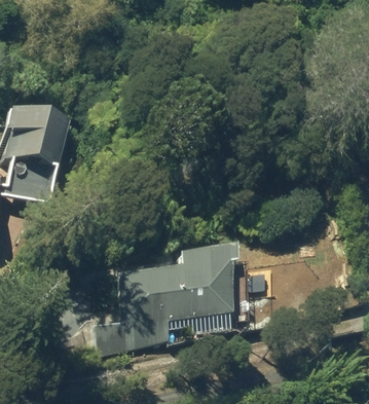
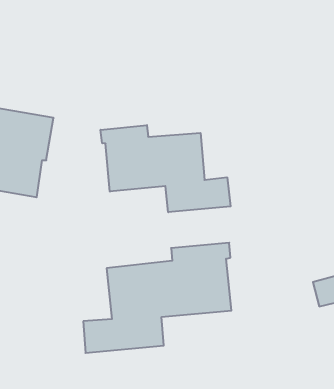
building: none -> [101,125,231,212]

